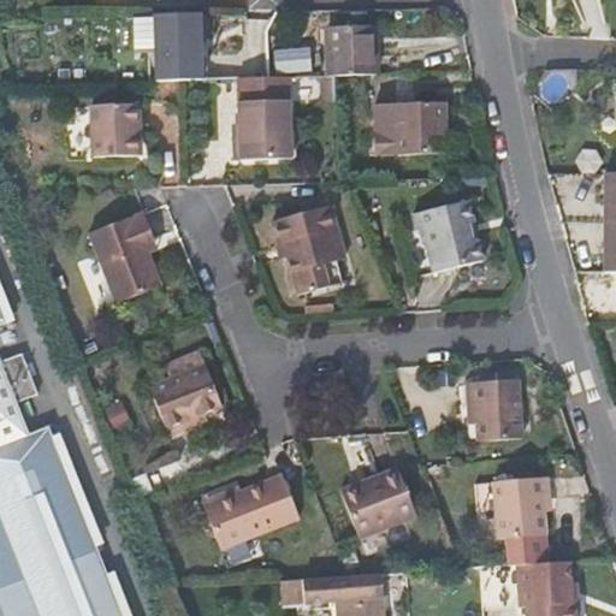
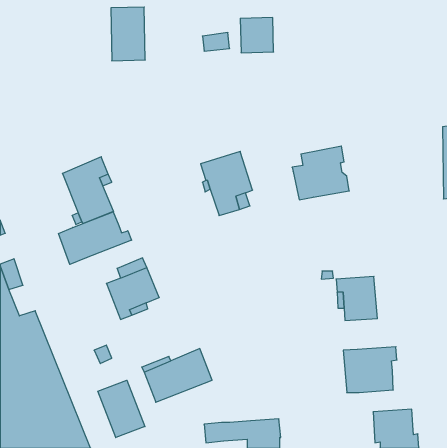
building: [232,79,290,160] -> none
building: [372,103,442,155] -> none
building: [90,107,138,160] -> none
building: none -> [59,212,132,264]
building: [338,470,411,539] -> none
building: none -> [98,380,145,438]

